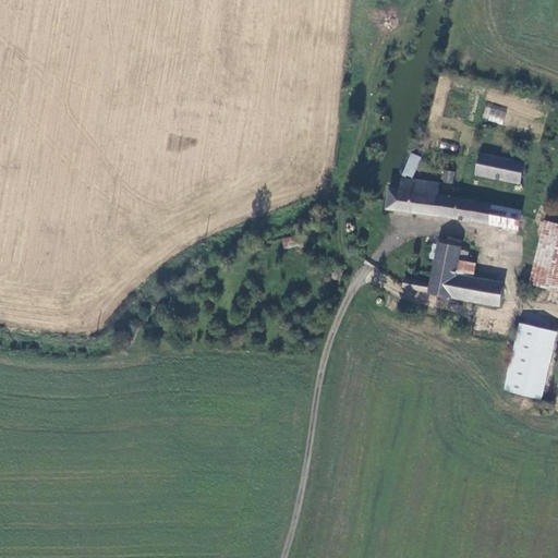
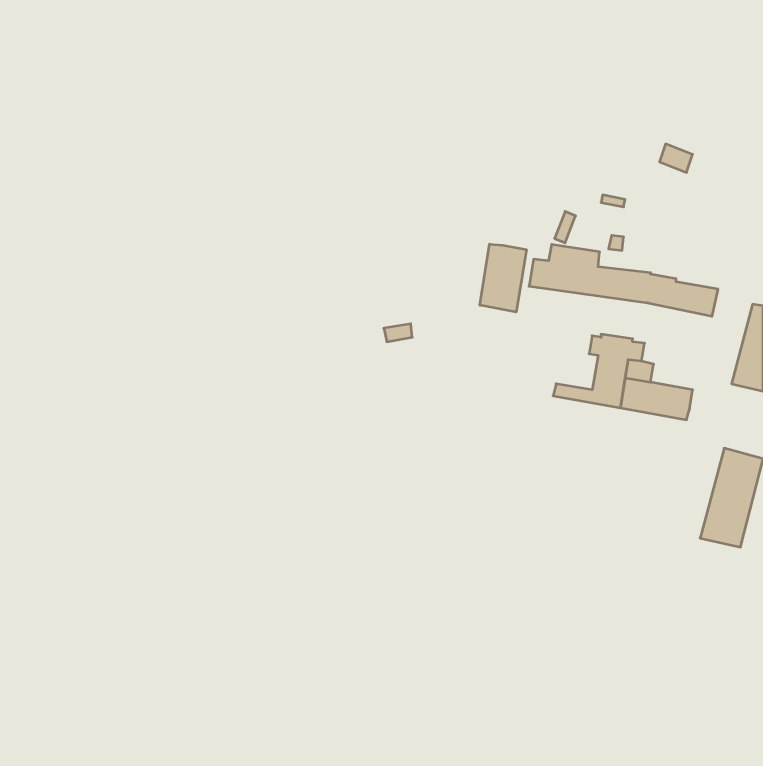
building: [475,154,523,183] -> none
building: none -> [480,244,526,312]

